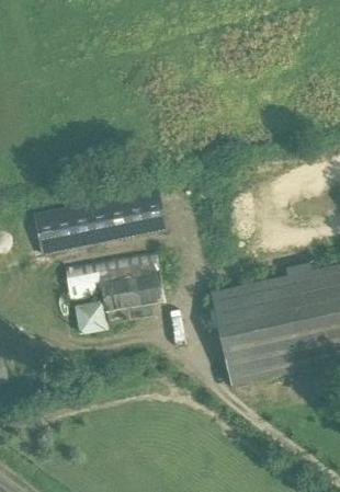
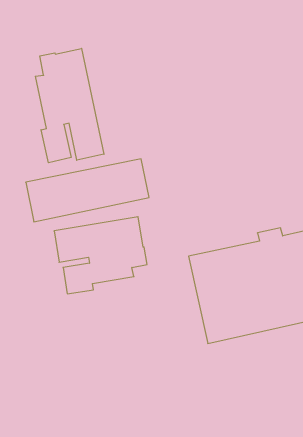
building: none -> [35,48,104,163]

